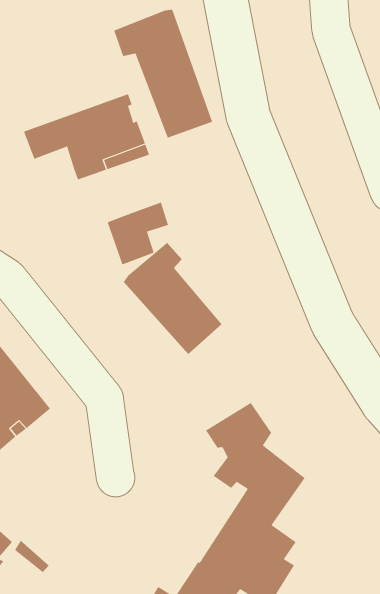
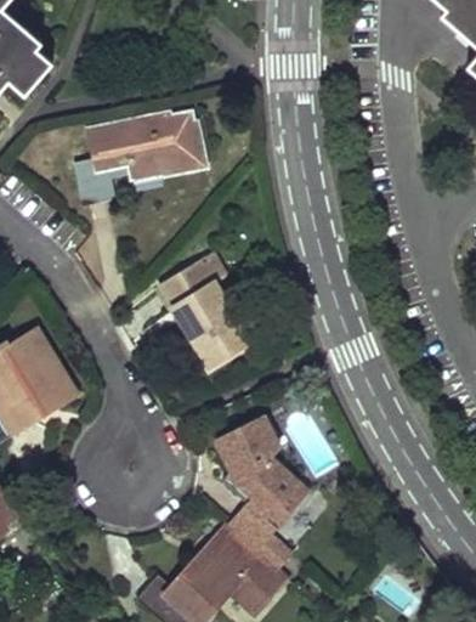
building: [113,9,213,139] -> none
building: [107,202,169,265] -> [72,149,130,204]

